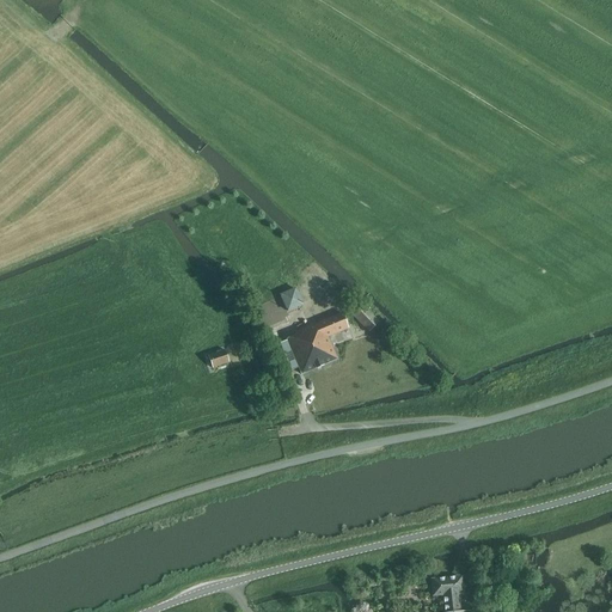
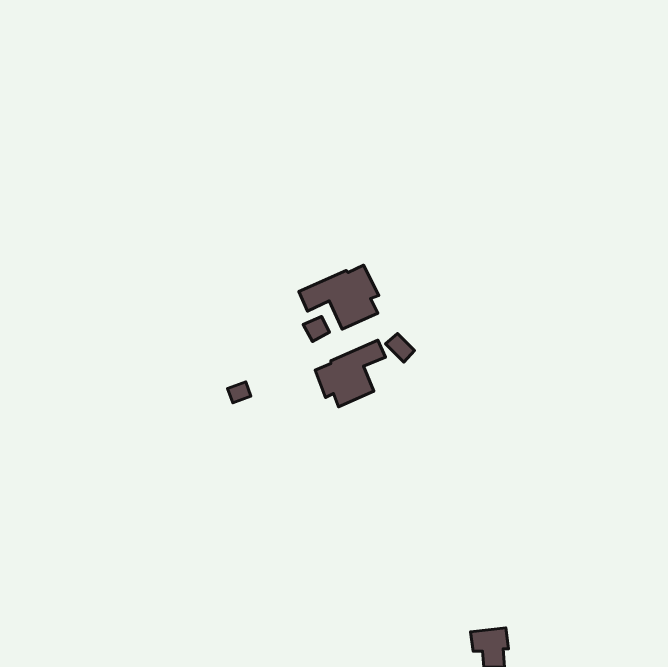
building: none -> [299,265,379,329]

